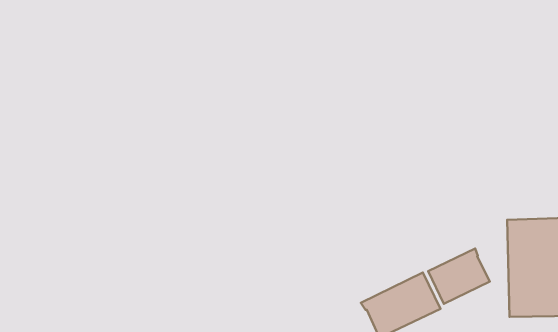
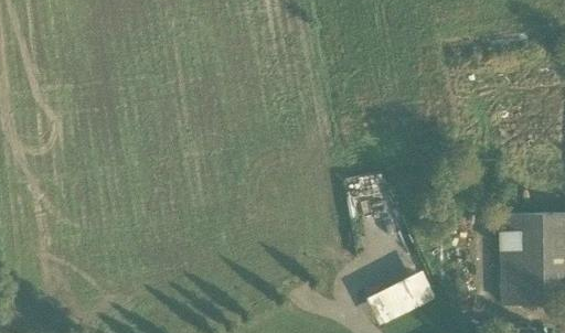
building: [428,249,490,304] -> none

